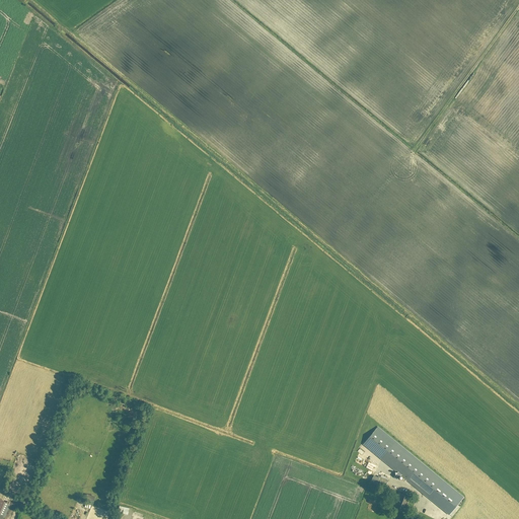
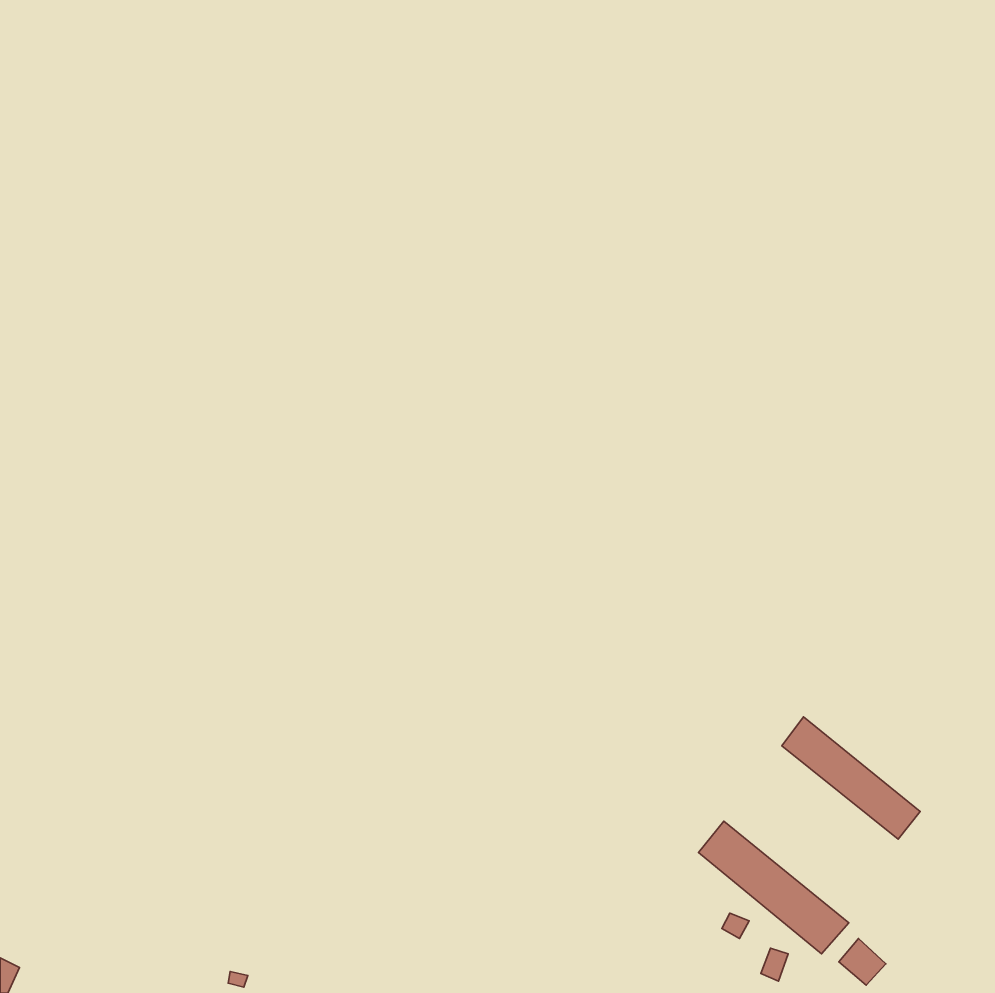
building: none -> [782,717,920,839]

